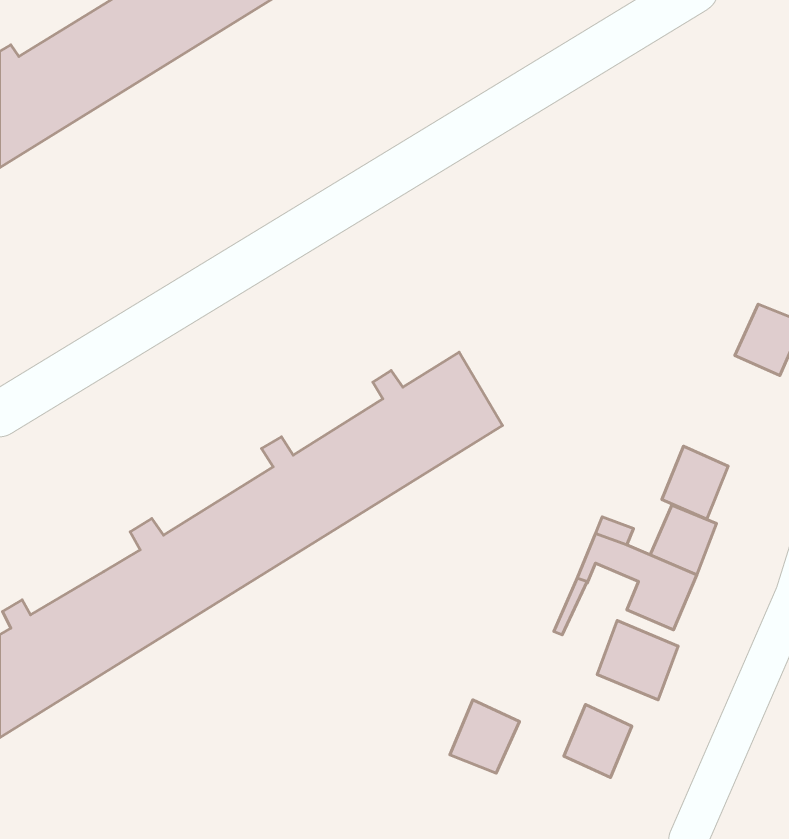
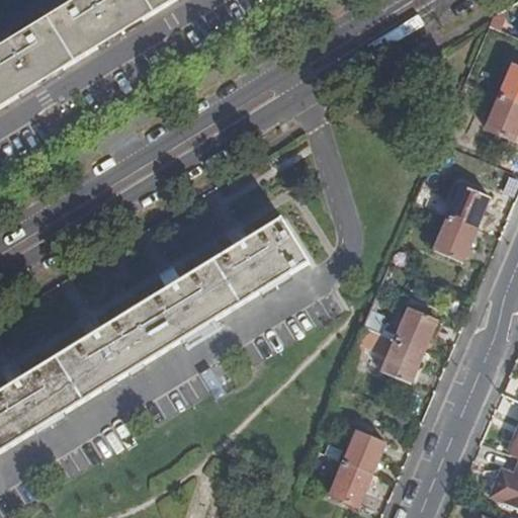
building: [662,446,728,519] -> [435,217,476,261]
building: [597,621,678,700] -> none
building: [450,700,519,773] -> [330,460,372,505]

